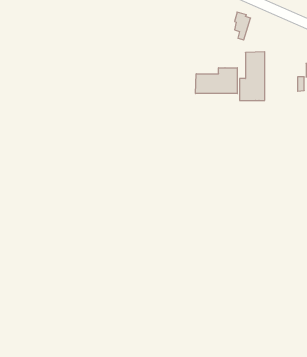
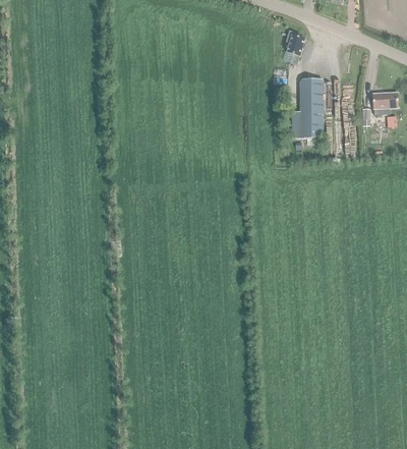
building: [196,68,237,94] -> none

